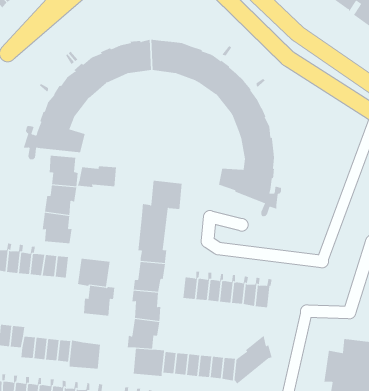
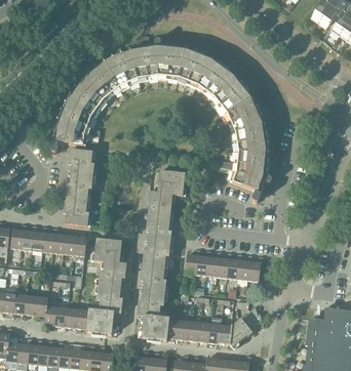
building: [77,166,117,188] -> none
building: none -> [96,286,122,314]

